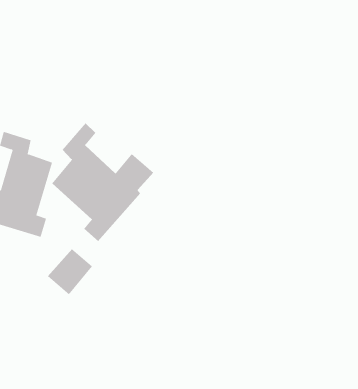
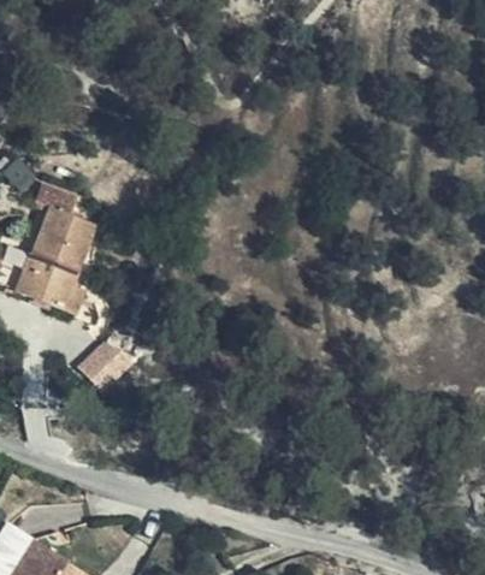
building: [52,123,154,242] -> none

